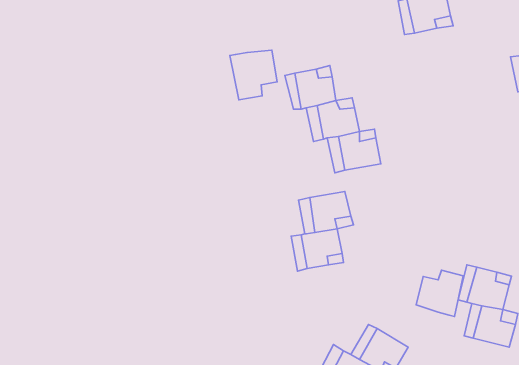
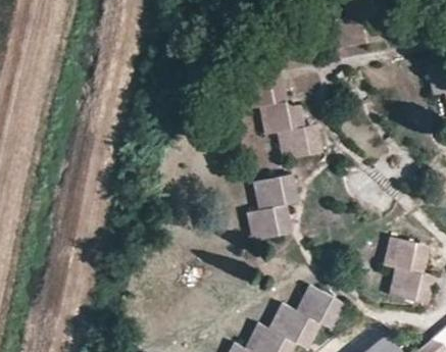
building: [230,50,277,100] -> none
building: [416,270,463,316] -> none

